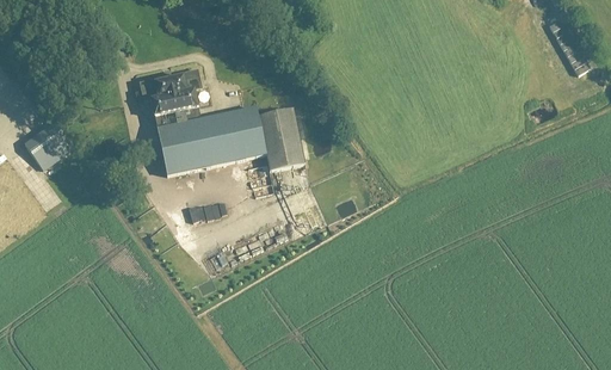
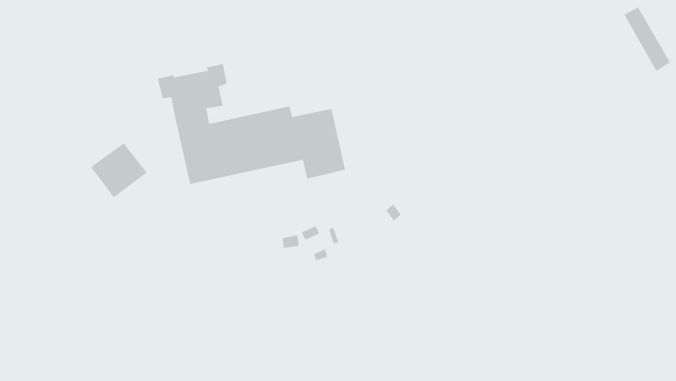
building: [24,122,74,171] -> [90,143,147,198]

